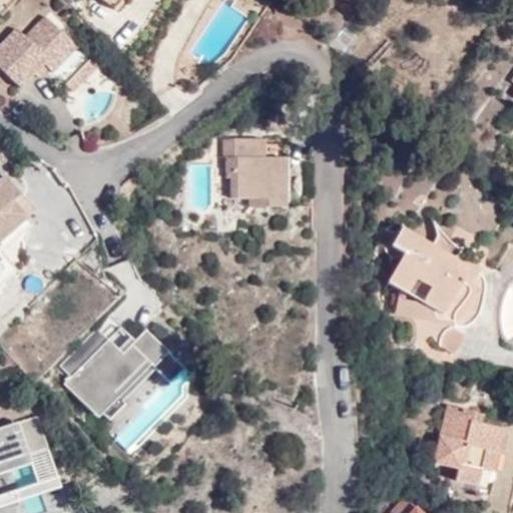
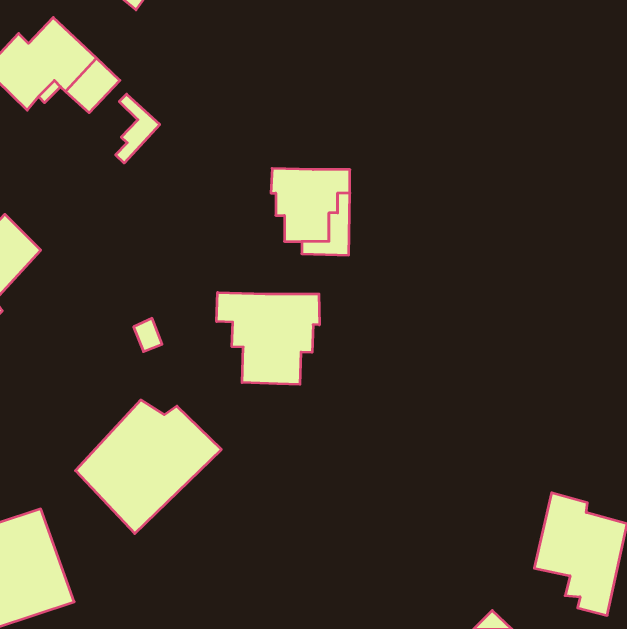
building: none -> [116,94,160,163]
building: [384,213,482,324] -> none
building: none -> [217,292,319,384]

